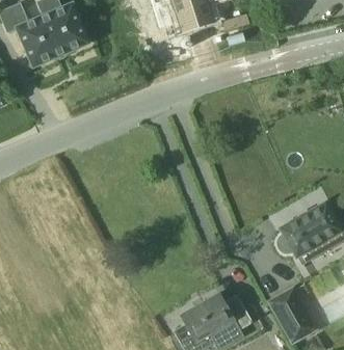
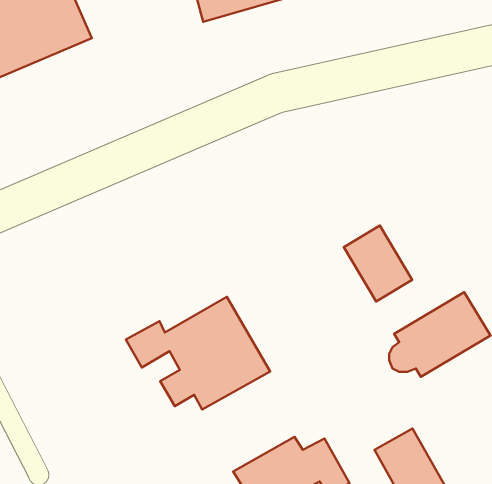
building: none -> [344,226,412,301]
building: none -> [126,297,270,410]

